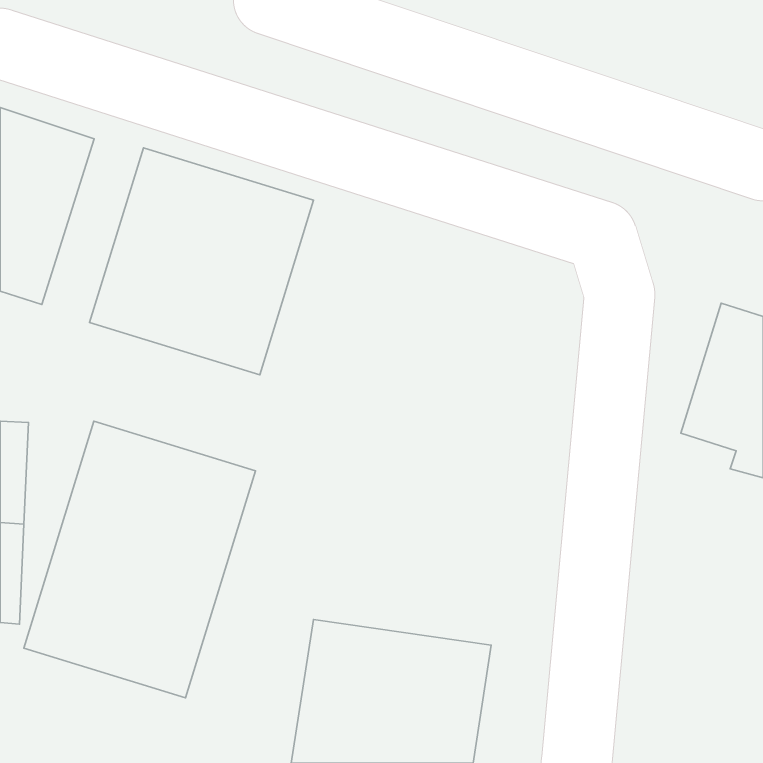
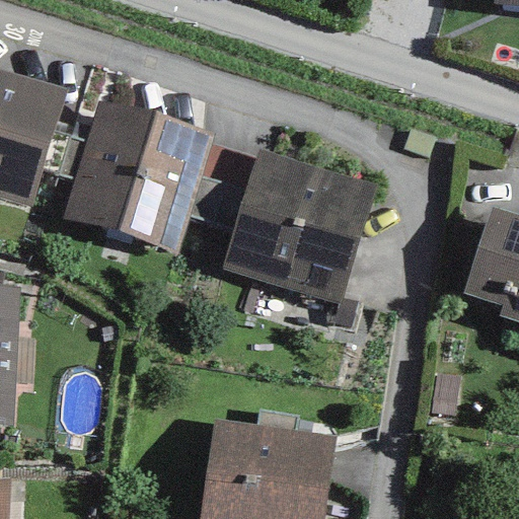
building: none -> [221,150,374,302]
building: [24,421,255,698] -> none

